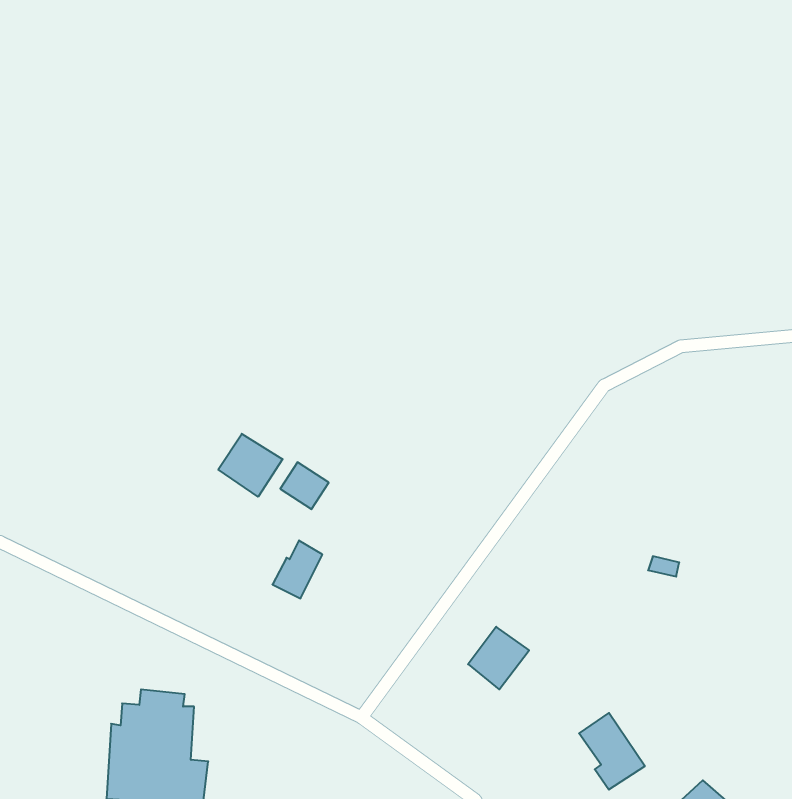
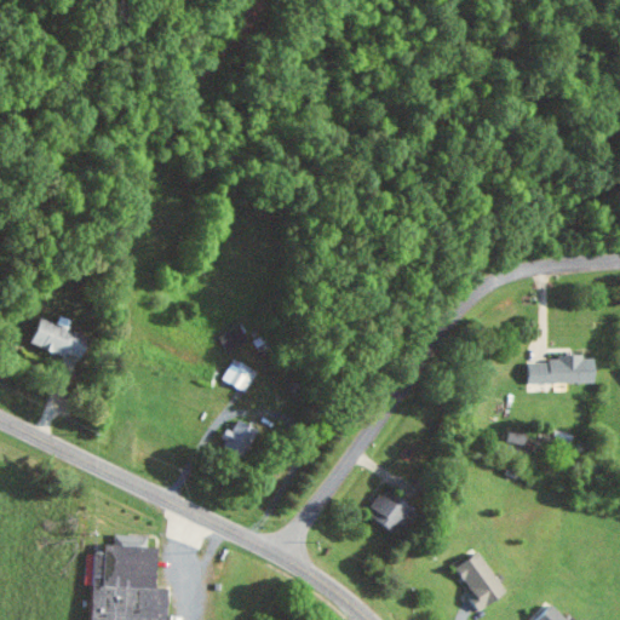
building: none -> [28,316,81,358]
building: [218,434,283,497] -> none
building: none -> [528,357,595,385]

